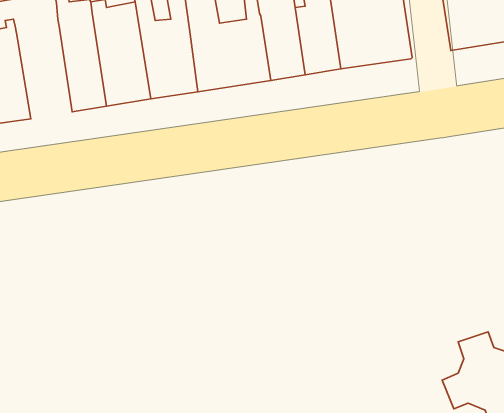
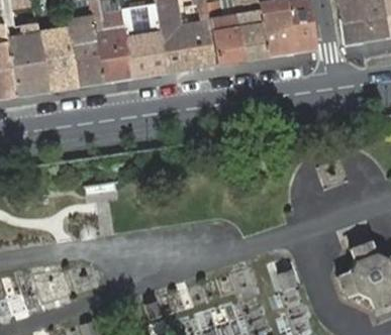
building: none -> [38,26,78,92]

